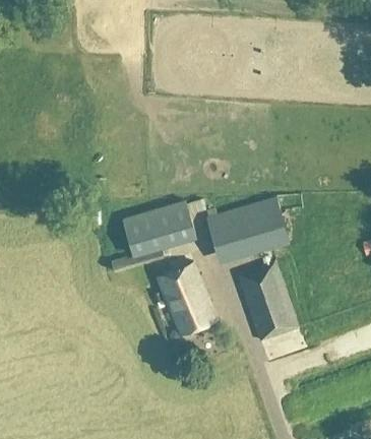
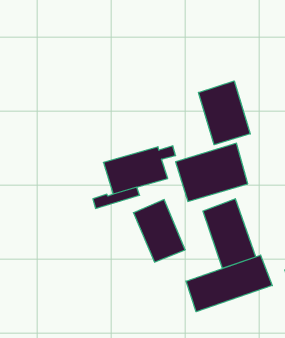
building: none -> [199,81,250,145]
building: none -> [186,255,272,312]

